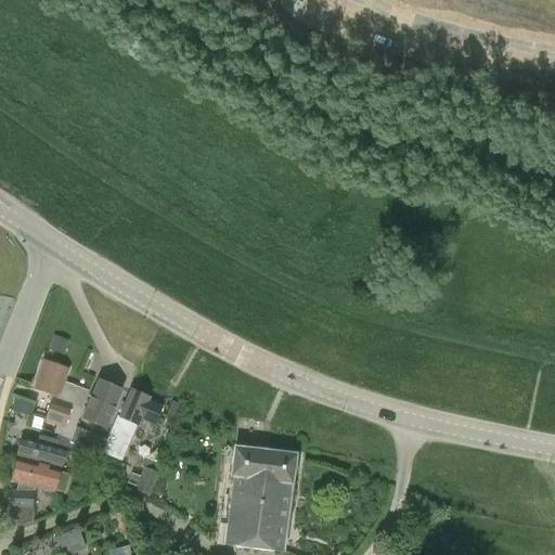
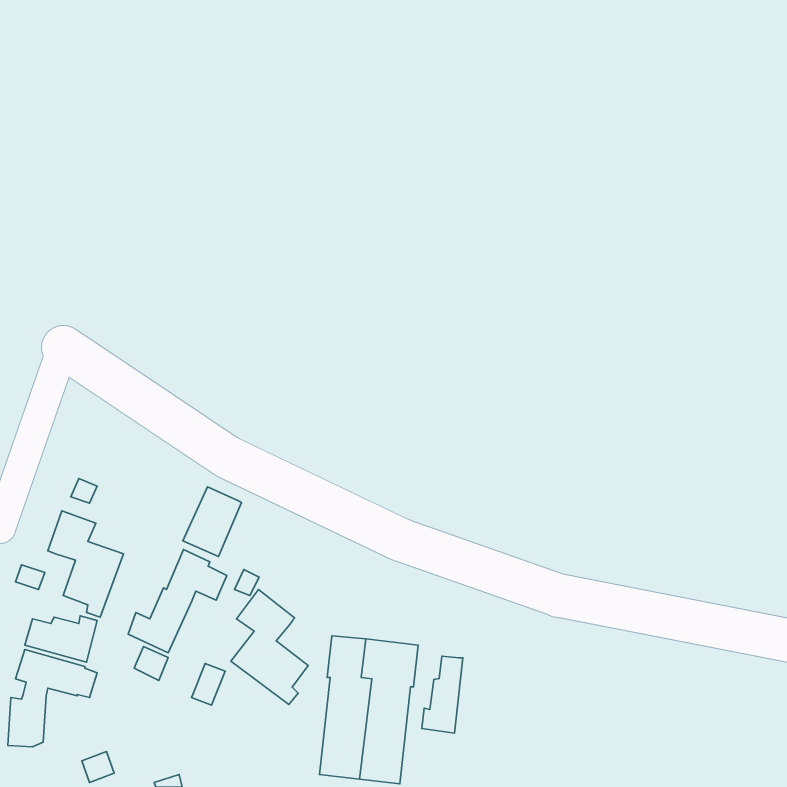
building: [81,378,122,427] -> [183,487,242,556]
building: none -> [231,590,308,705]
building: none -> [422,656,463,733]

